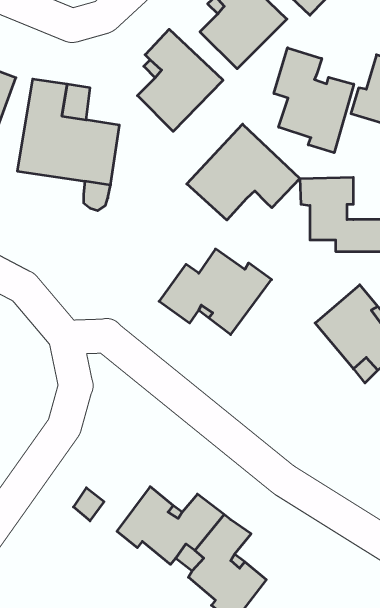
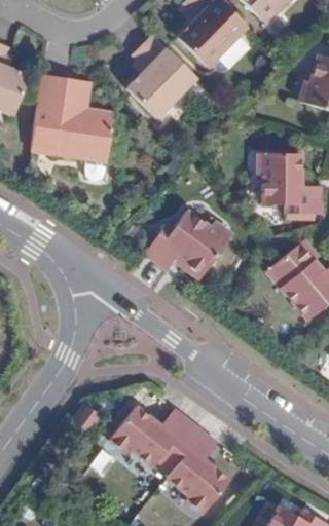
building: [274,48,354,153] -> none
building: [187,124,300,220] -> none

